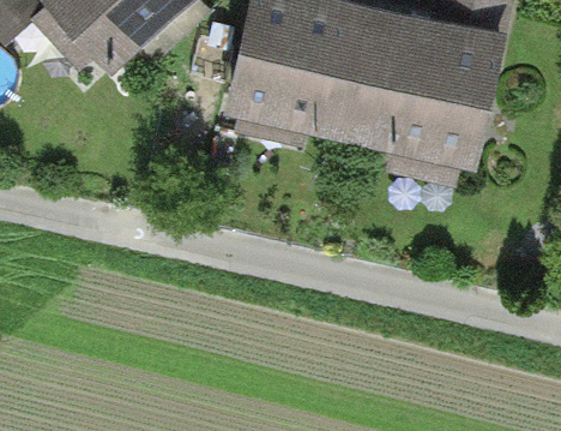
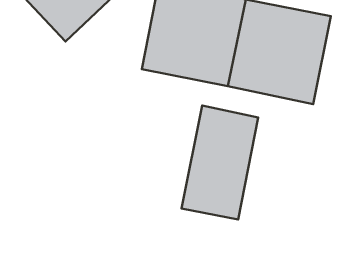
building: none -> [182,106,258,220]

